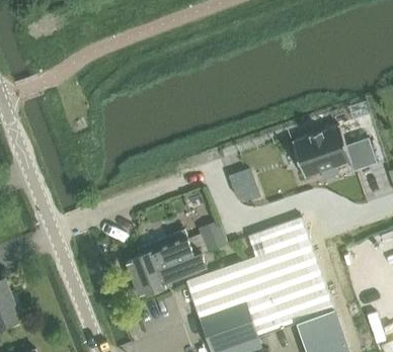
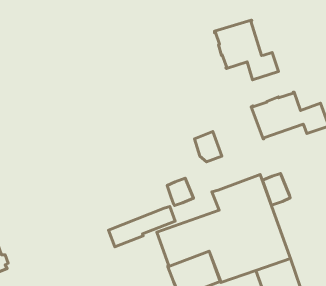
building: none -> [214,20,279,80]
building: none -> [262,174,290,205]
building: [126,231,194,279] -> none

